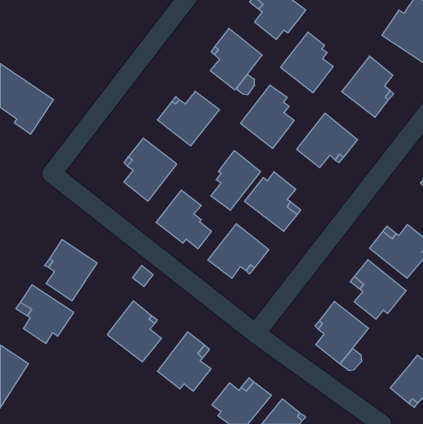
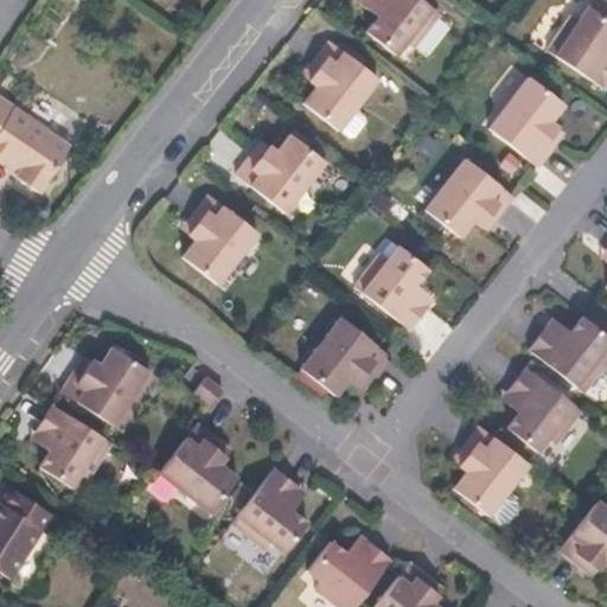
building: [281,32,333,93] -> none
building: [241,85,294,148] -> none
building: [211,151,261,210] -> none
building: [156,190,211,249] -> none

